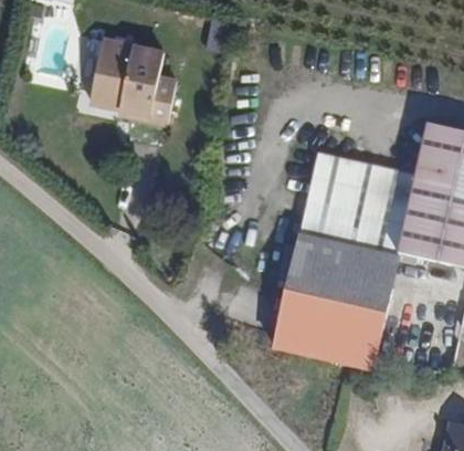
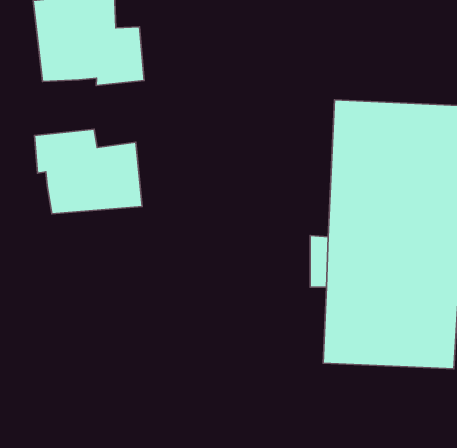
building: none -> [35,129,142,214]

